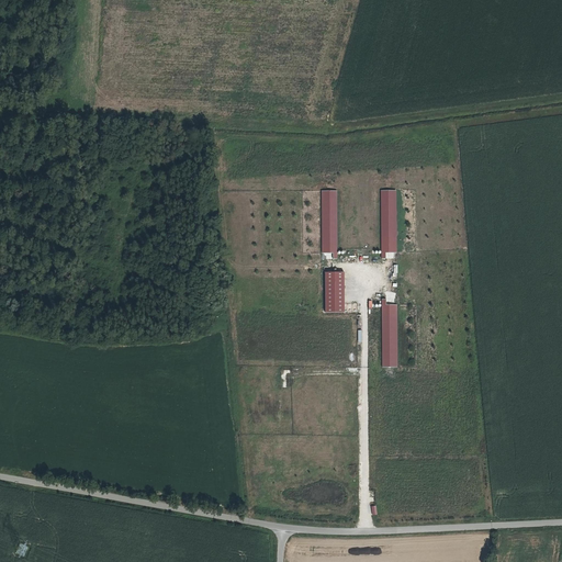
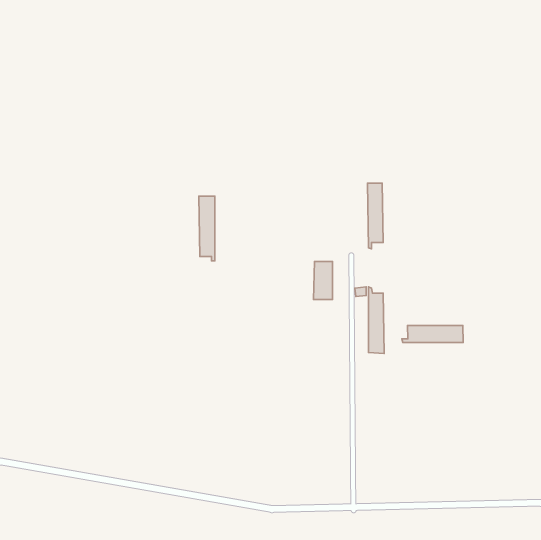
building: [321,190,337,257] -> [199,196,215,261]
building: none -> [402,325,463,342]

